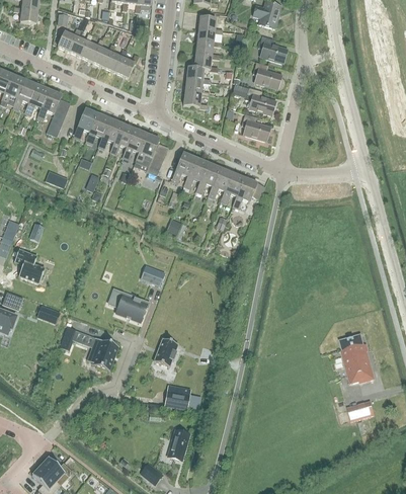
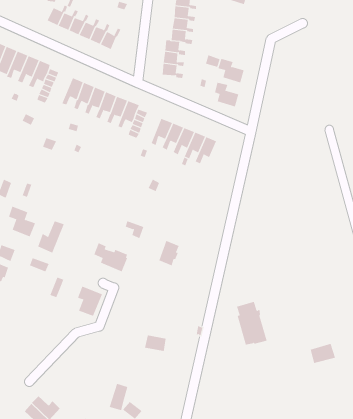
building: [258,34,286,62] -> none
building: [252,61,279,87] -> none
building: [232,177,264,208] -> none
building: none -> [37,220,64,253]
building: [339,333,374,382] -> [236,301,267,345]
building: [154,337,177,365] -> [158,240,180,266]
building: [167,428,188,459] -> [109,383,128,411]

